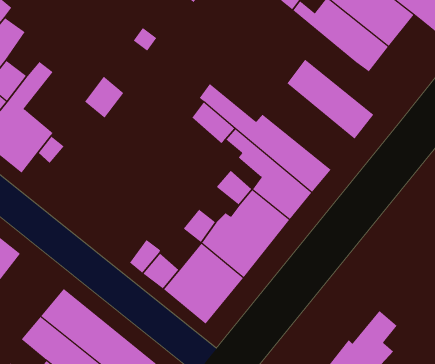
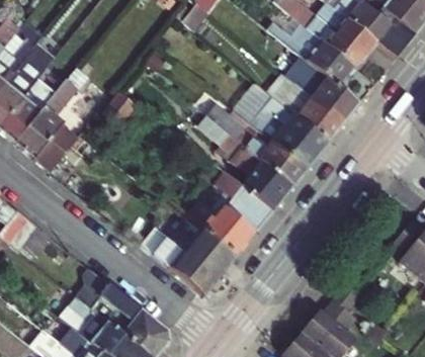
building: none -> [285,66,358,122]
building: none -> [235,83,327,168]

